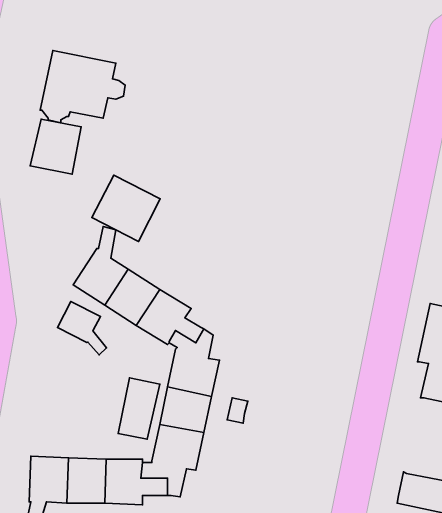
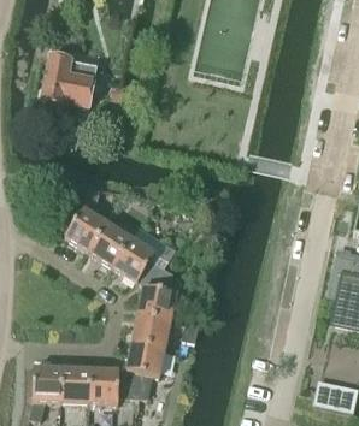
building: [30,119,81,174] -> none
building: [92,175,160,241] -> none
building: [57,301,107,355] -> none
building: [118,378,160,439] -> none

